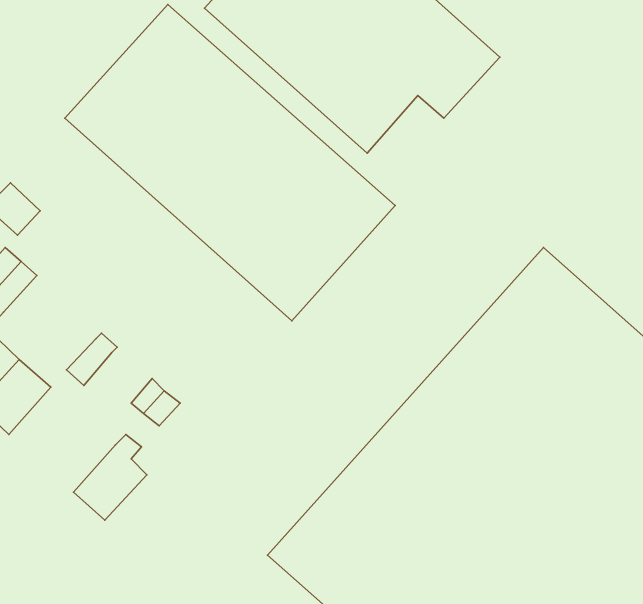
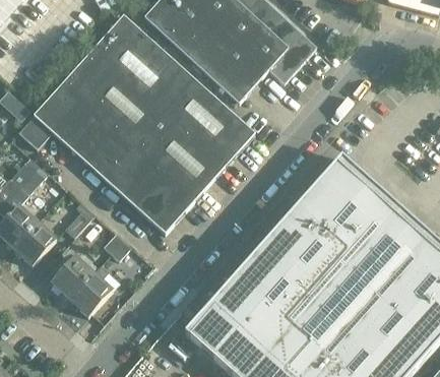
building: none -> [34,80,196,233]
building: none -> [51,254,93,298]

